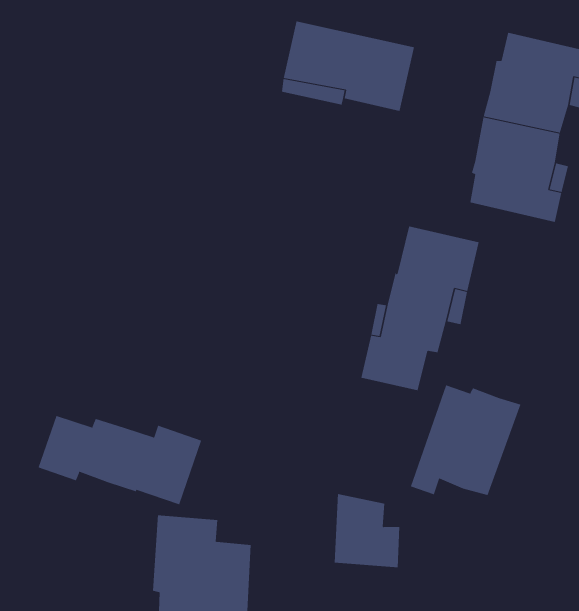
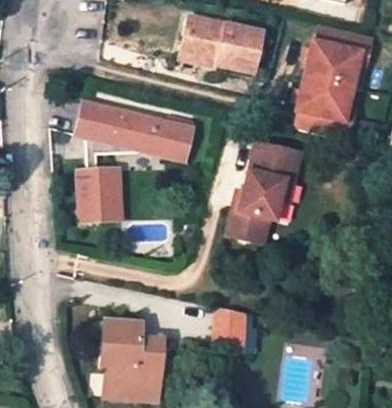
building: none -> [77,104,194,223]
building: [410,385,521,496] -> none
building: [38,415,202,505] -> none

